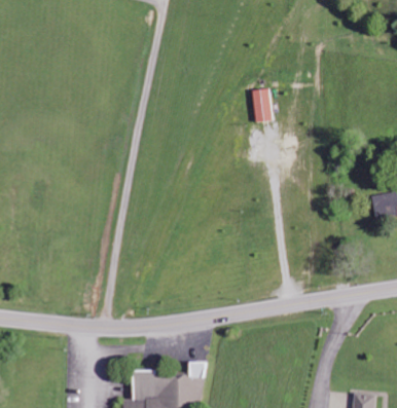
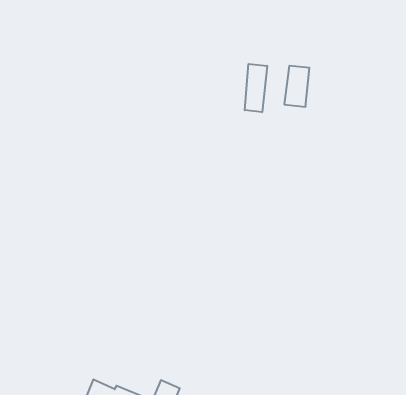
building: none -> [245,64,267,112]

